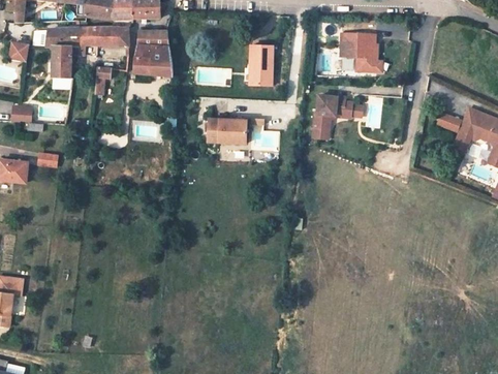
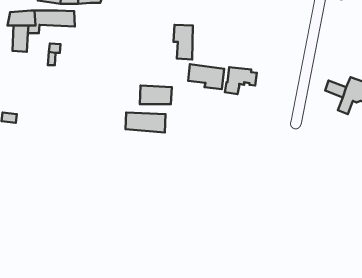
building: [133,30,172,75] -> none
building: [341,31,378,69] -> none
building: none -> [188,64,224,89]
building: none -> [126,112,166,132]

